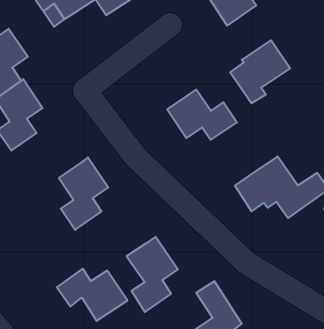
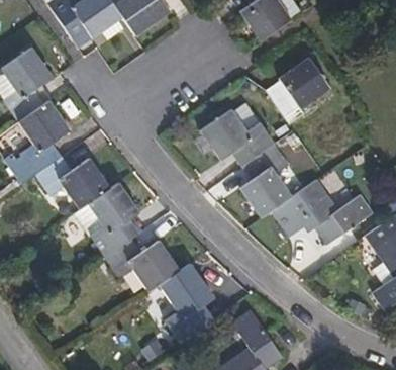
building: none -> [240,145,291,217]
building: none -> [38,156,110,208]
building: [57,269,127,321] -> [105,238,179,292]

